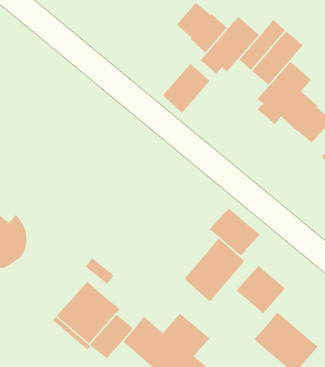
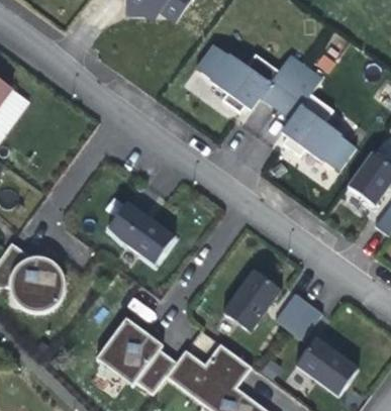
building: [162,63,210,113] -> none
building: none -> [108,202,175,265]
building: [209,208,261,256] -> none

